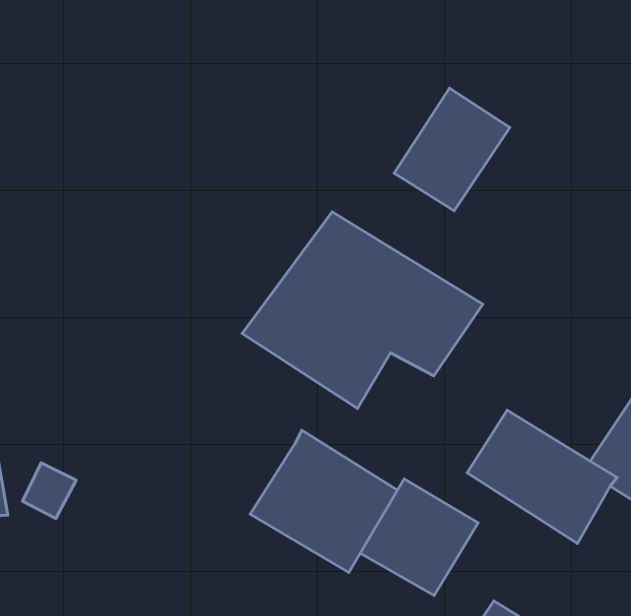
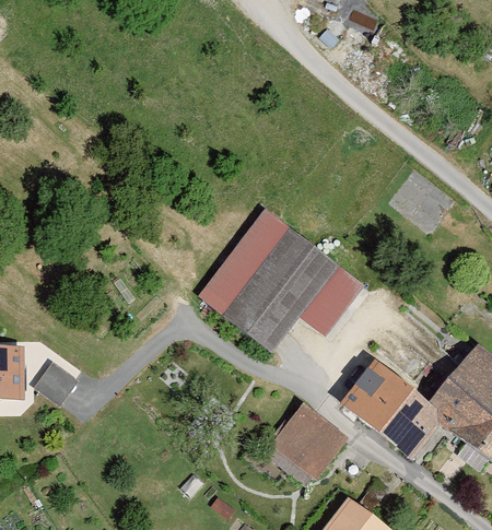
building: [394,88,510,211] -> none
building: [250,430,397,572] -> none

